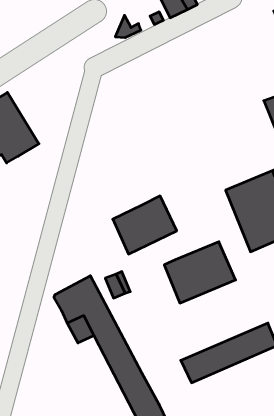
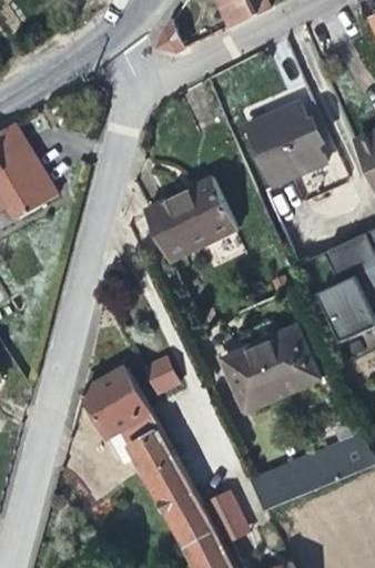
building: none -> [251,91,332,175]
building: [113,196,177,254] -> [149,179,234,256]
building: none -> [194,487,241,542]

